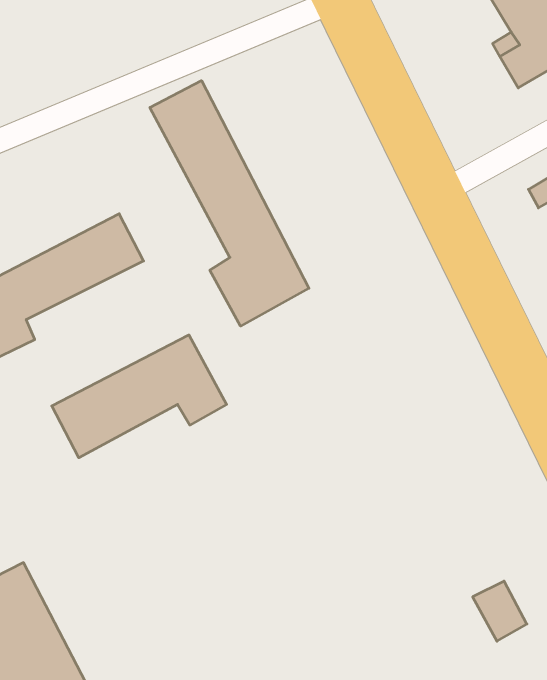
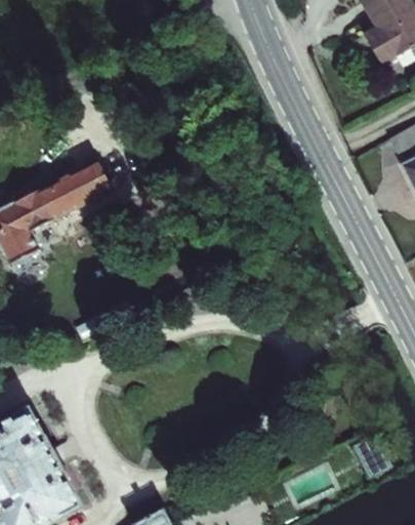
building: [150,81,309,326] -> none
building: [52,335,227,458] -> none

